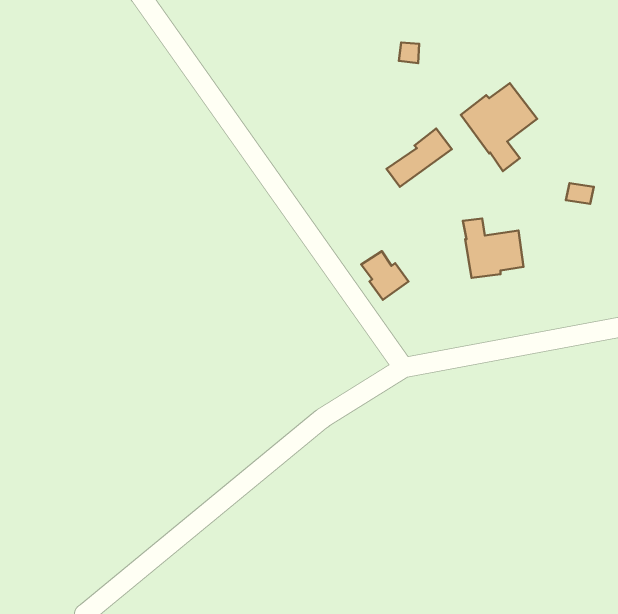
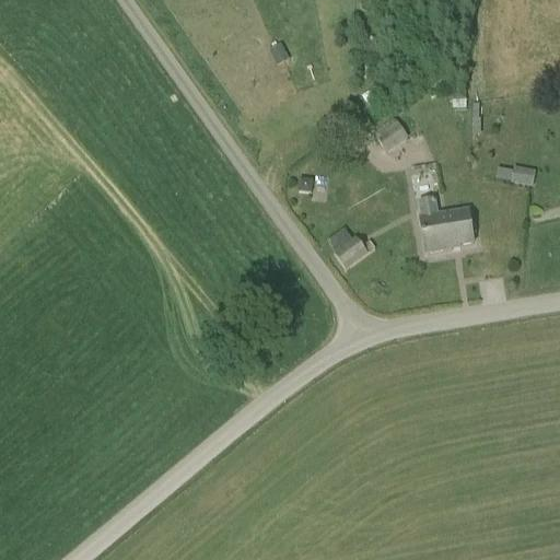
building: [461,83,537,171] -> none

